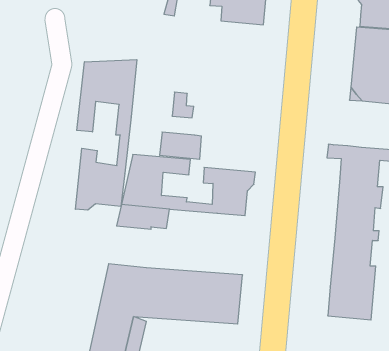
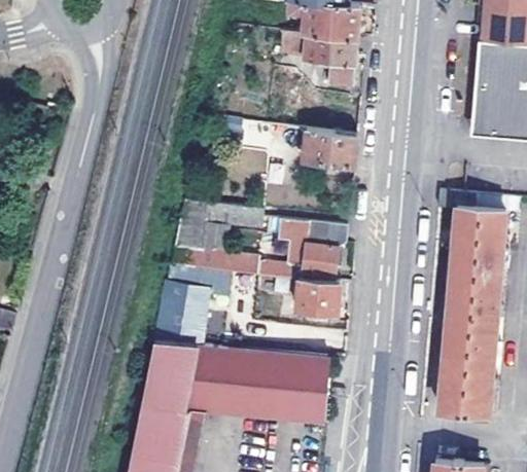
building: none -> [278,30,355,86]
building: [75,60,137,210] -> none
building: [160,132,201,159] -> [301,131,354,166]
building: none -> [293,279,338,313]
building: none -> [156,295,211,349]

